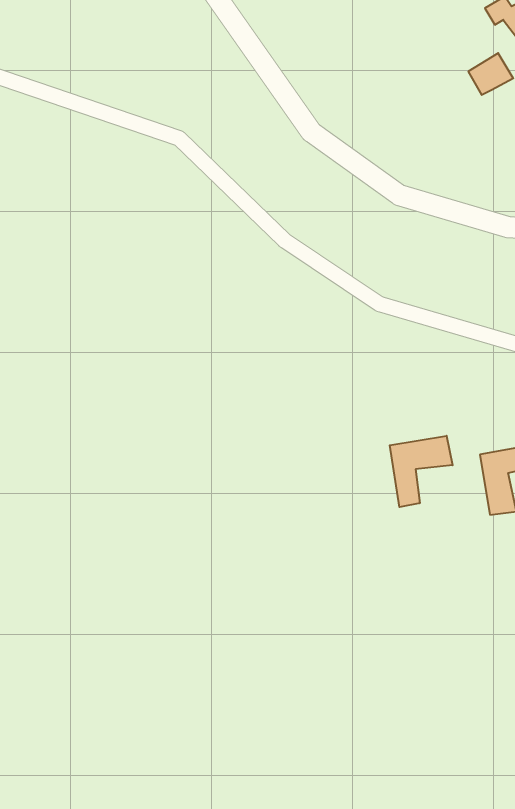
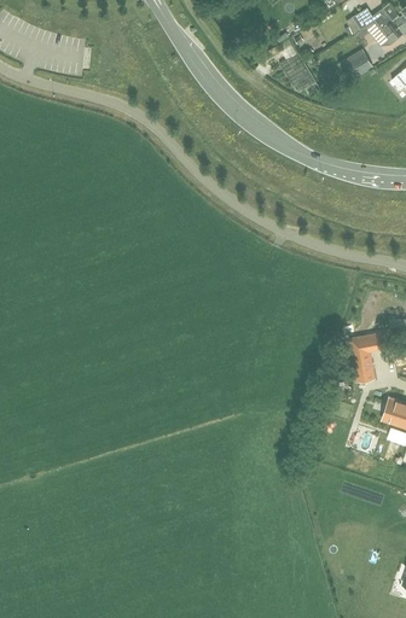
building: [390,436,453,507] -> none

